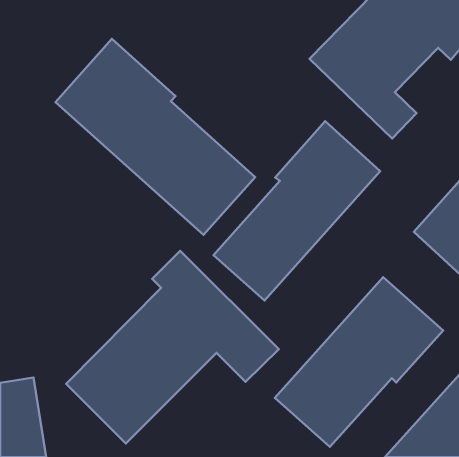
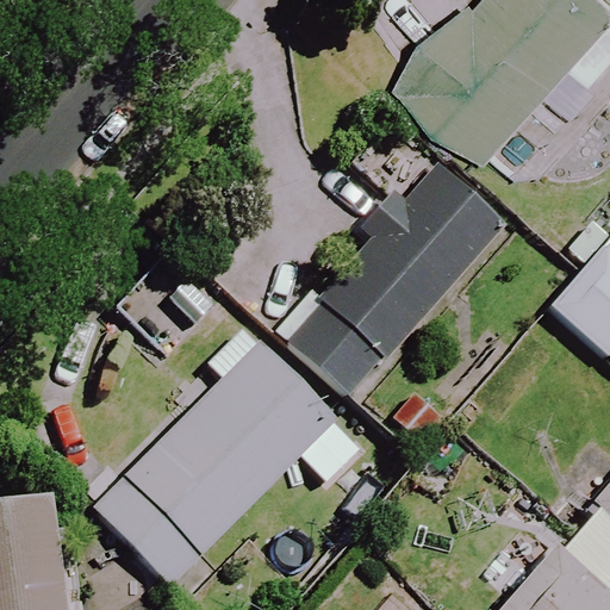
building: [55,39,255,235] -> none
building: [275,277,443,447] -> none

